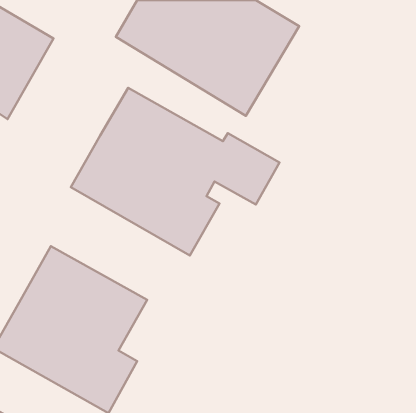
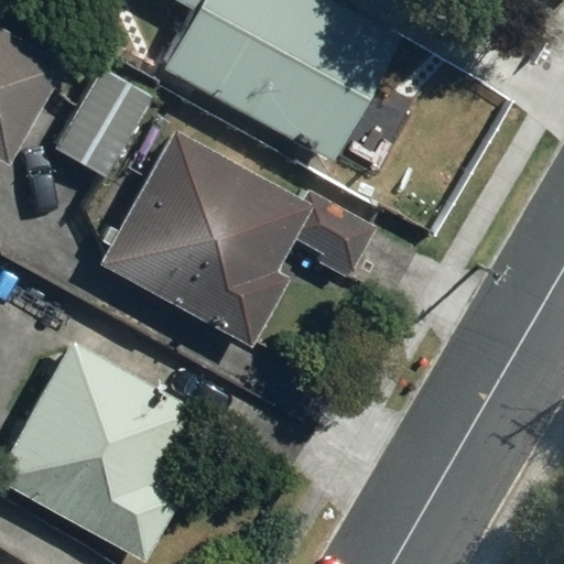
building: none -> [50,57,160,182]

